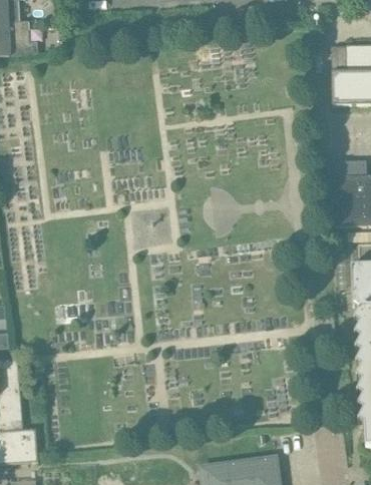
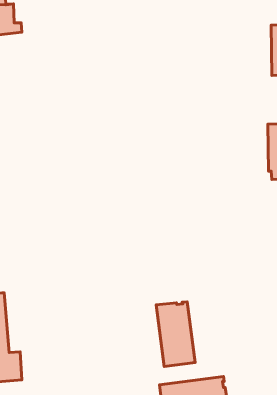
building: none -> [156,302,195,367]

